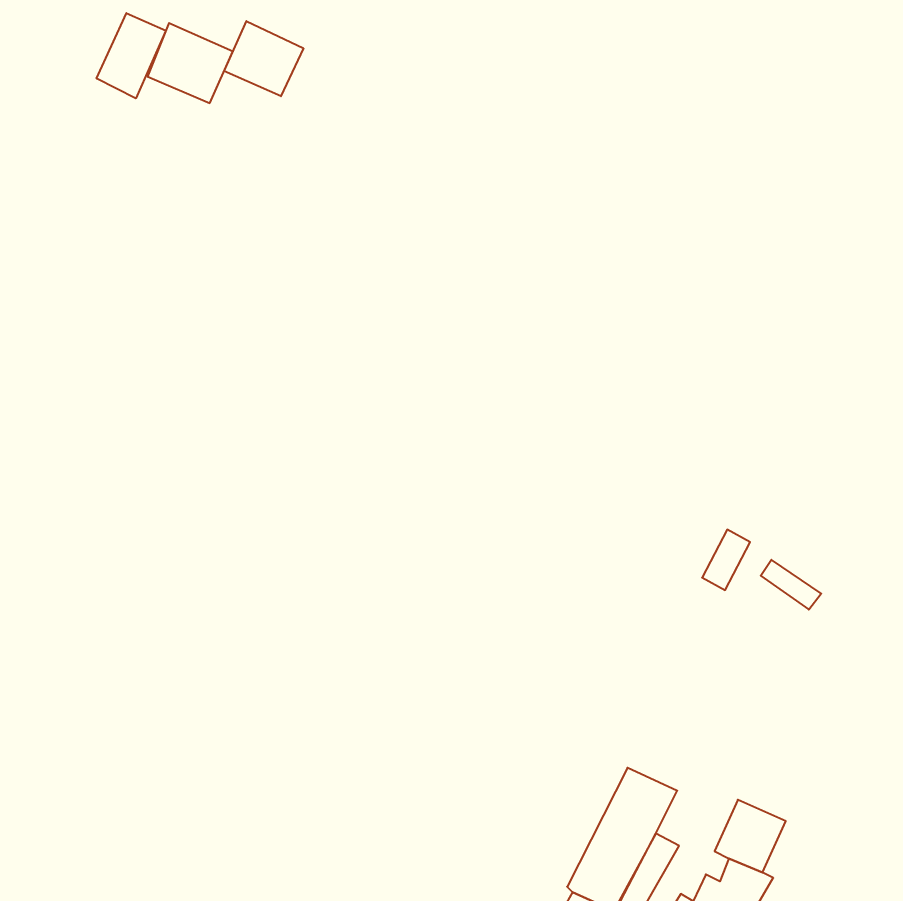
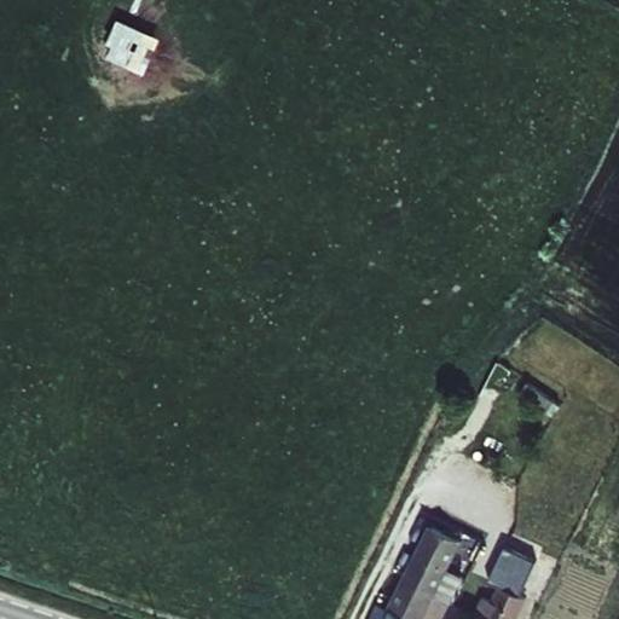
building: [97,13,166,98] -> none
building: [224,21,303,96] -> none

